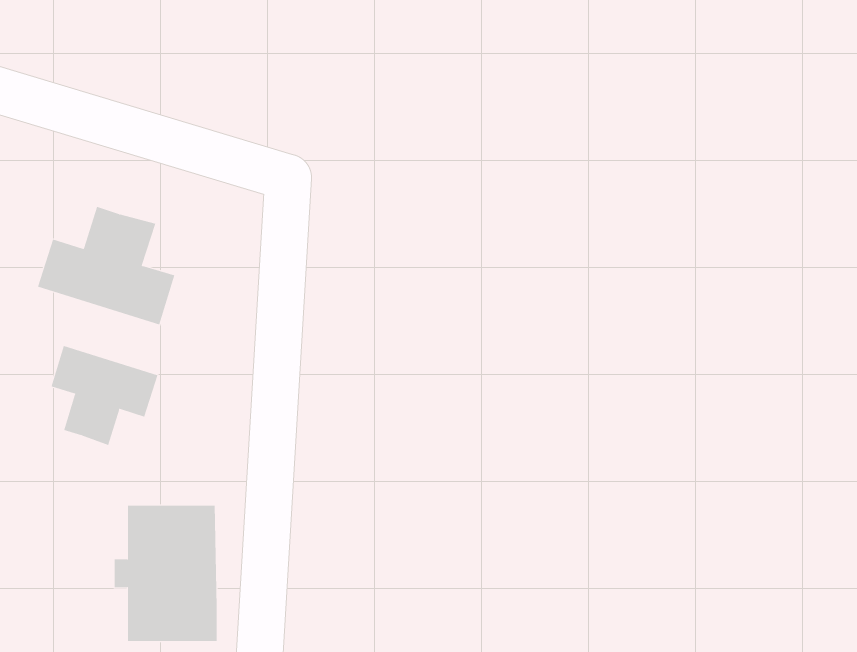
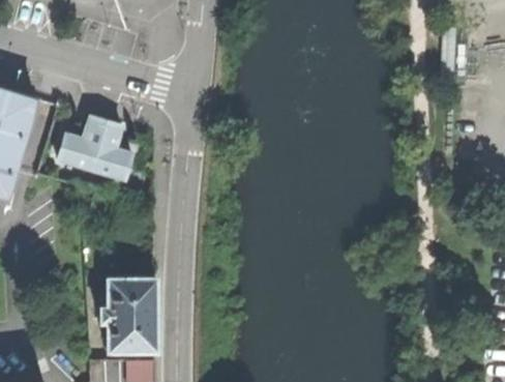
building: [51,345,158,446] -> none

